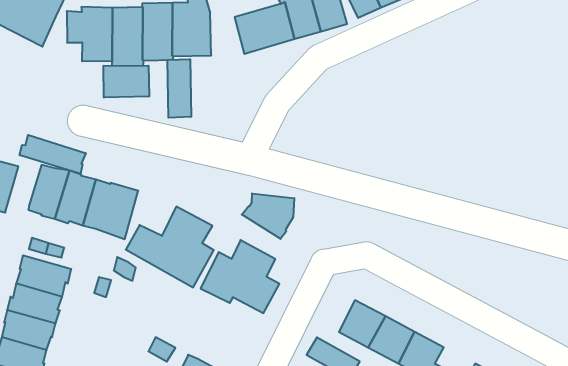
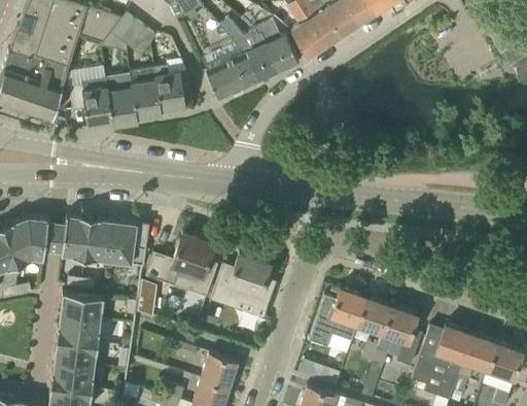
building: [167,59,191,118] -> none
building: [104,66,149,98] -> none
building: [20,135,86,174] -> none
building: [242,193,294,239] -> none

